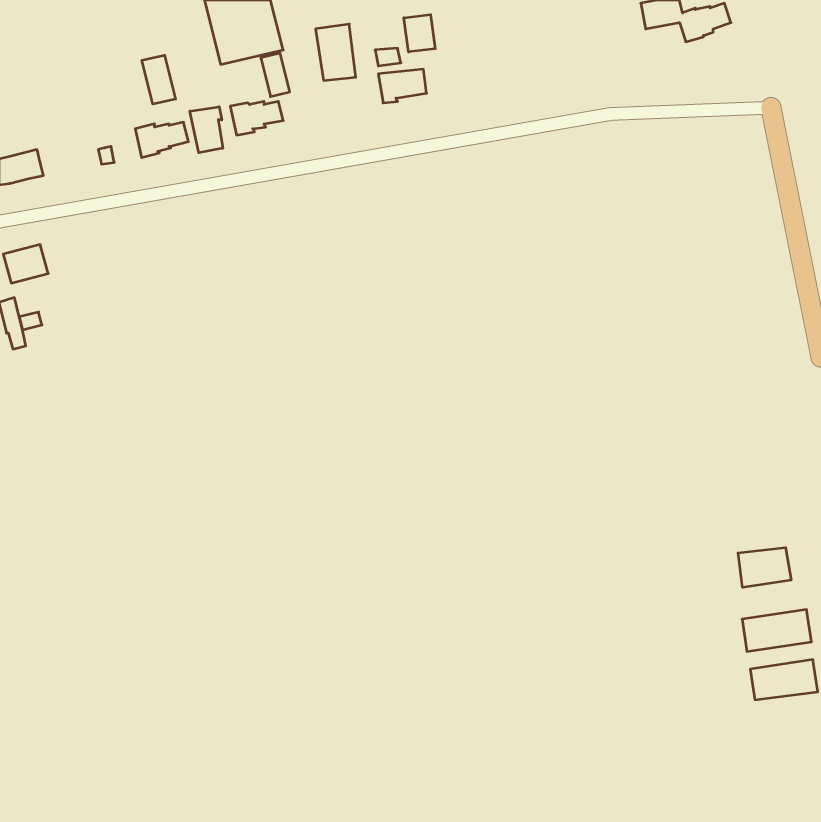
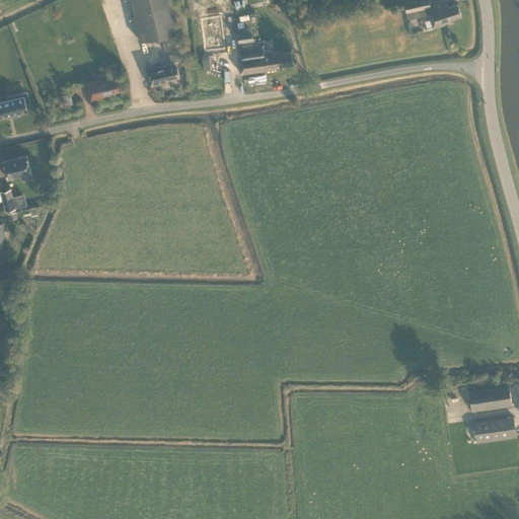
building: [404,15,435,52] -> none
building: [142,55,176,104] -> none
building: [190,107,223,153] -> none
building: [738,548,791,587] -> none

